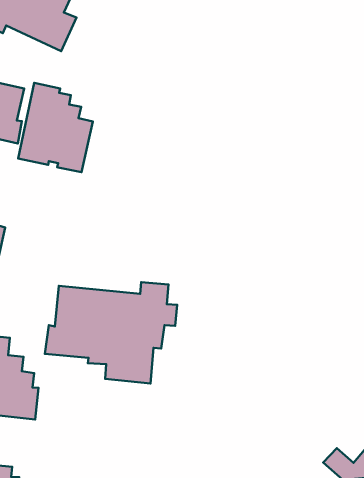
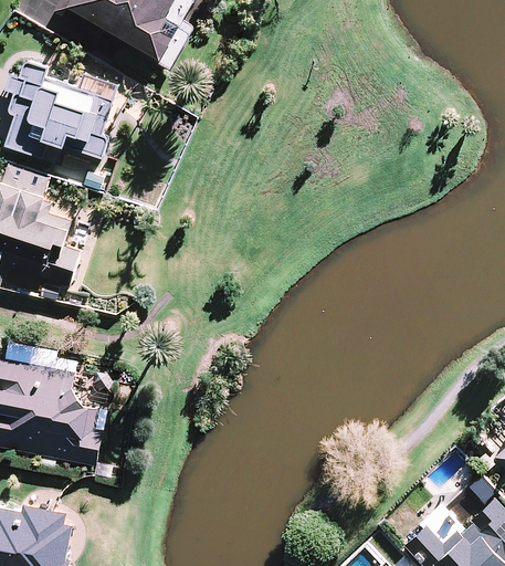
building: [18,83,93,172] -> none
building: [45,282,177,384] -> none

